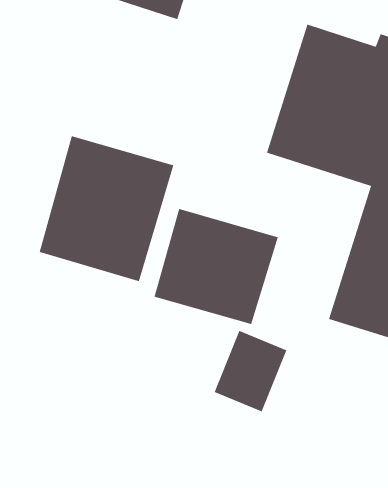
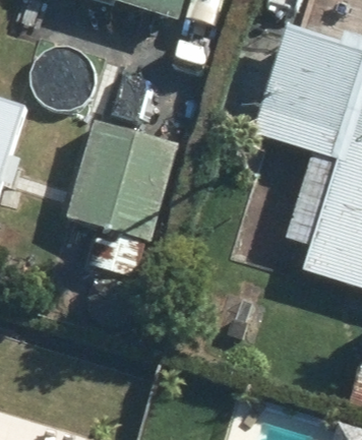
building: [154,208,278,325] -> none

